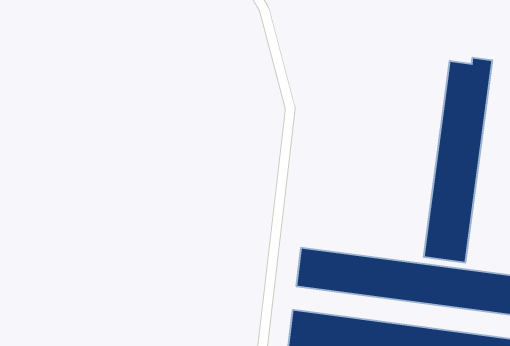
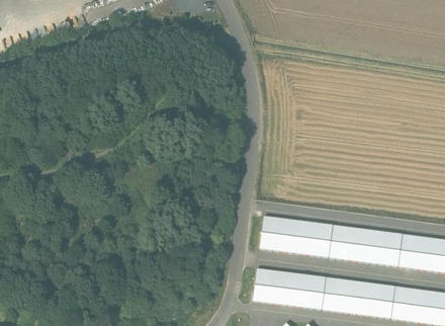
building: [424,58,492,263] -> none

